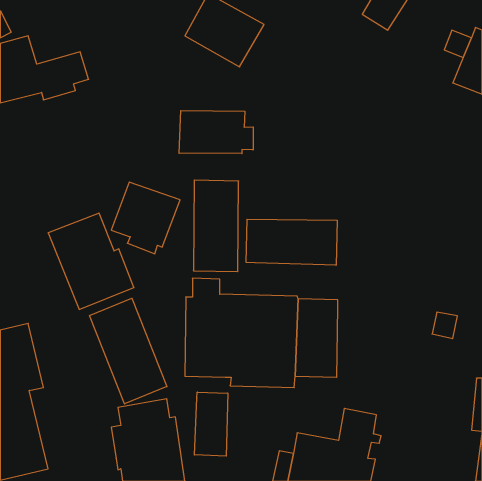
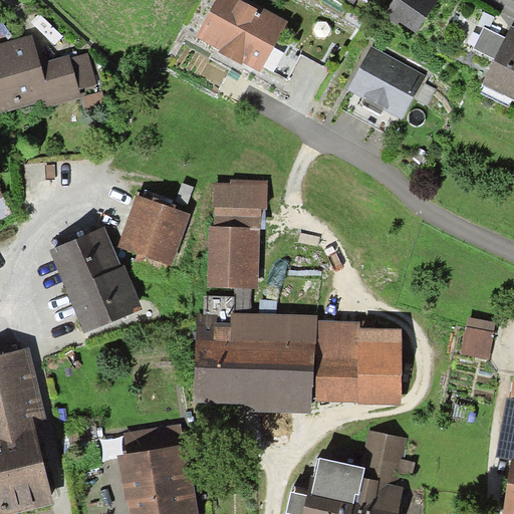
building: none -> [349,52,420,119]
building: [179,111,253,154] -> none
building: [246,219,337,265] -> none
building: [90,298,167,404] -> none
building: none -> [358,327,402,404]
building: [194,392,228,456] -> none

